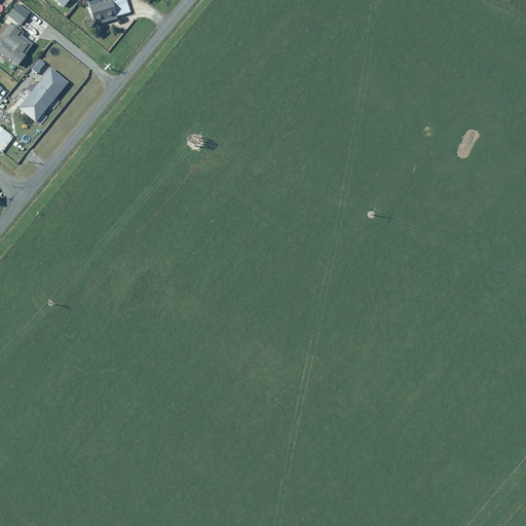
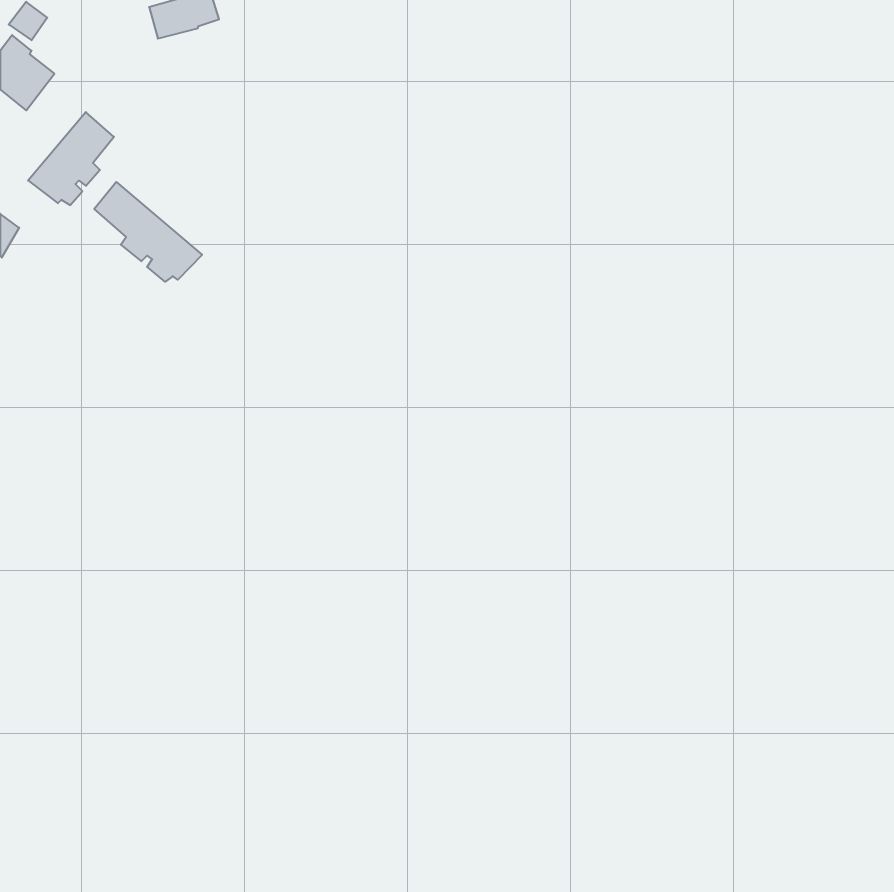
building: none -> [94,182,202,282]

